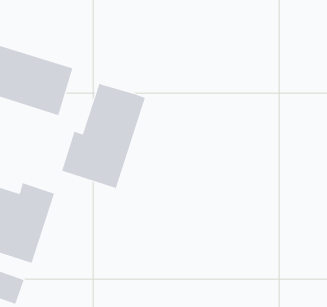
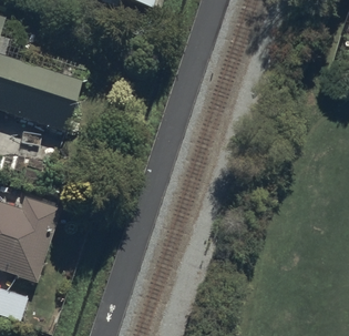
building: [61,83,145,189] -> none

